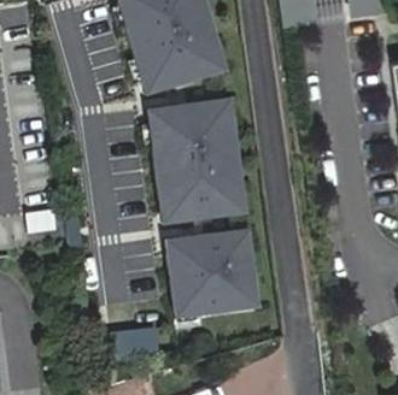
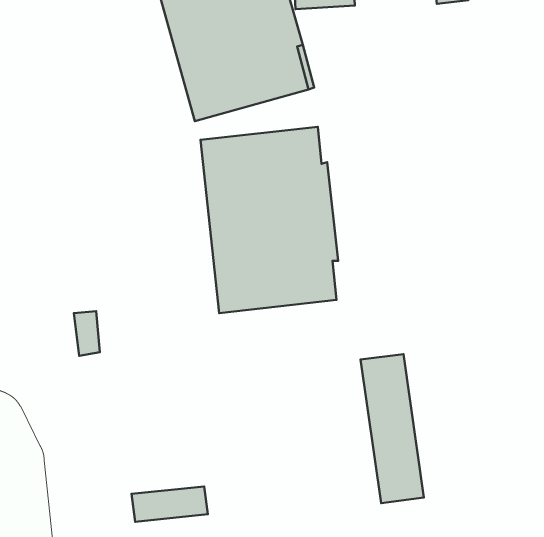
building: [154,231,242,312] -> none

